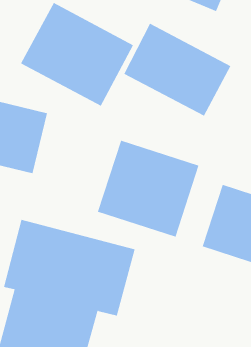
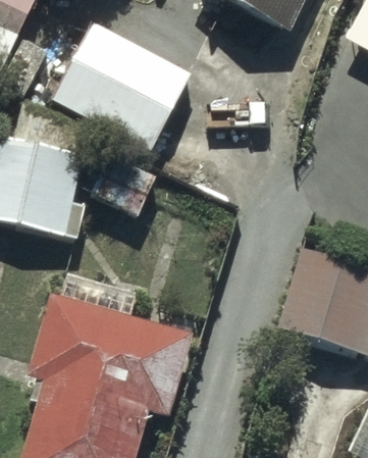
building: [123,23,231,117] -> none
building: [97,140,199,238] -> none

